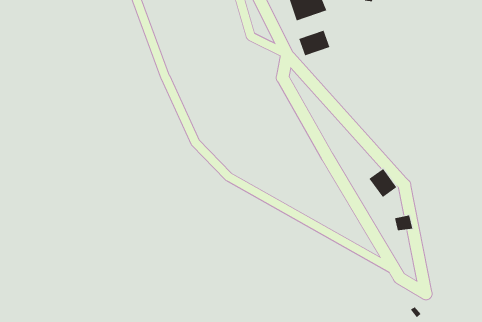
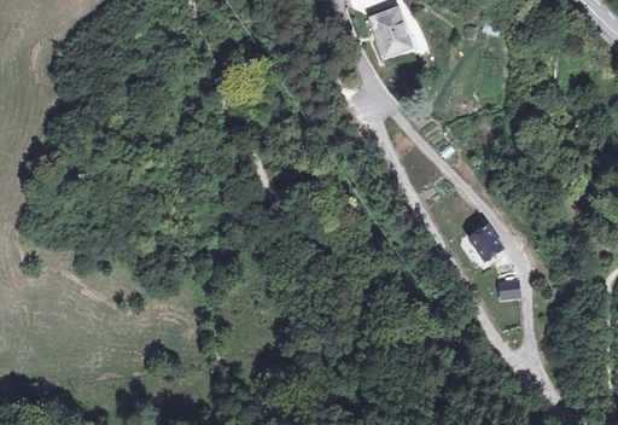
building: [299,30,330,56] -> none

